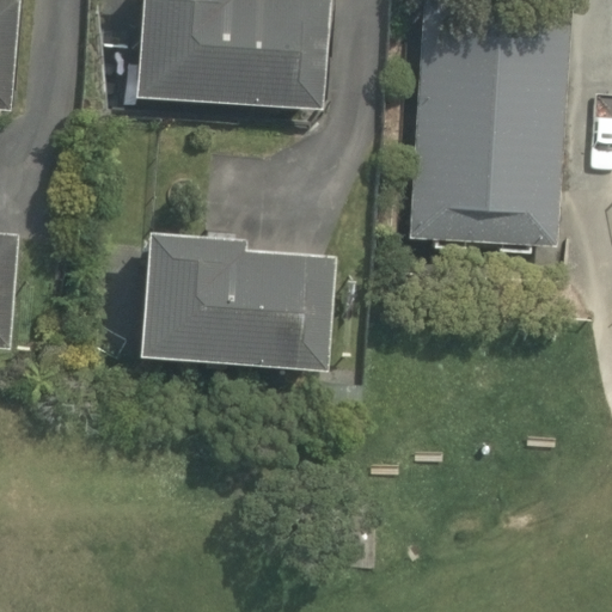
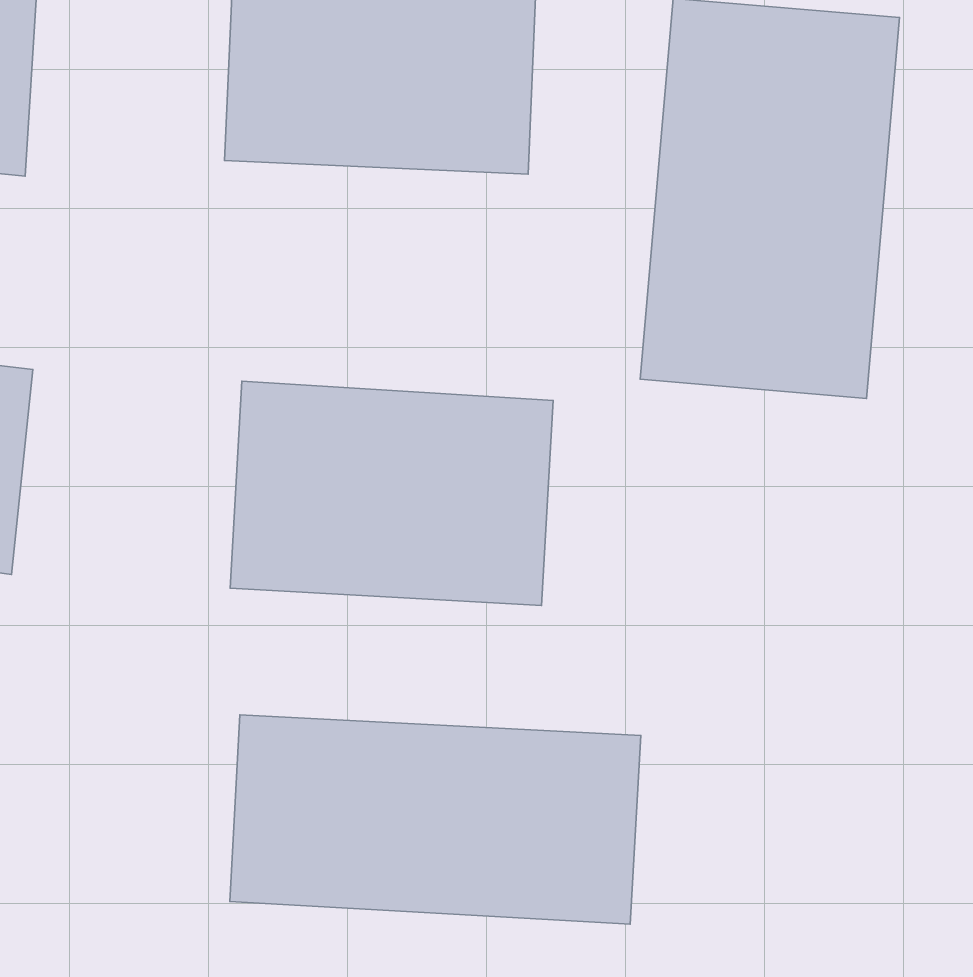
building: none -> [230,715,641,924]

